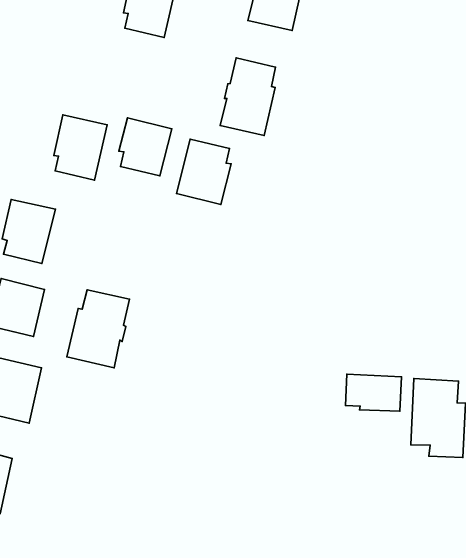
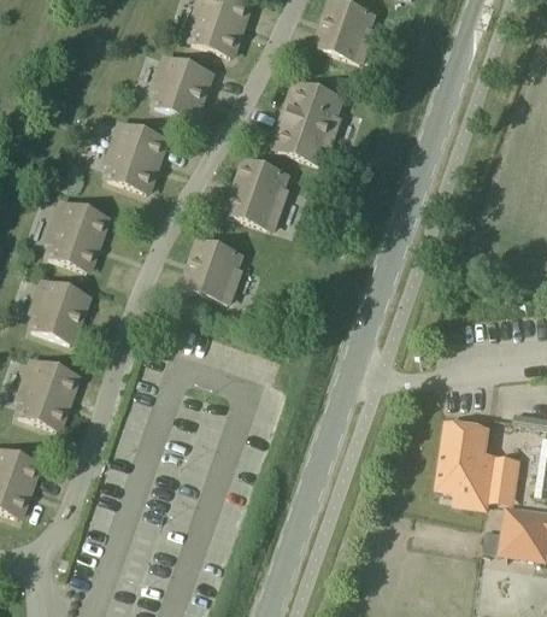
building: [119,118,172,176] -> [155,55,211,117]
building: none -> [184,239,240,300]
building: [67,290,130,368] -> none
building: [346,374,401,411] -> none

